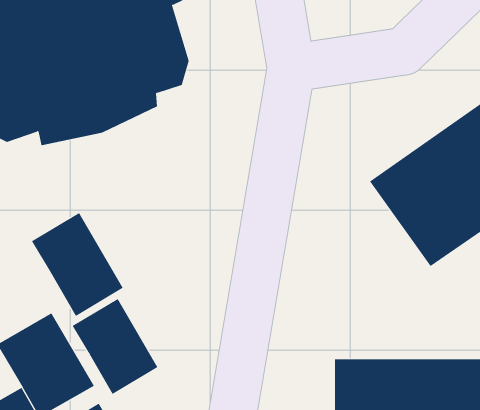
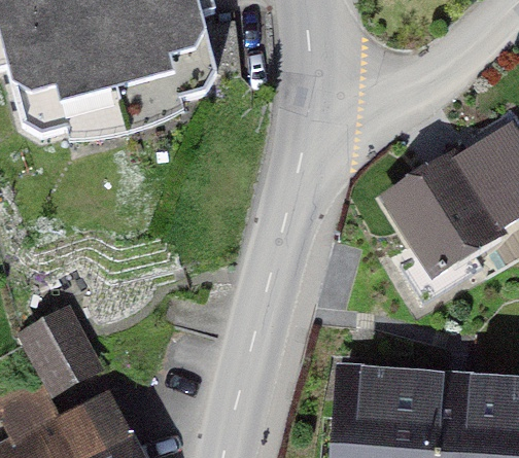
building: [31,212,124,317] -> none
building: [72,298,158,395] -> none

